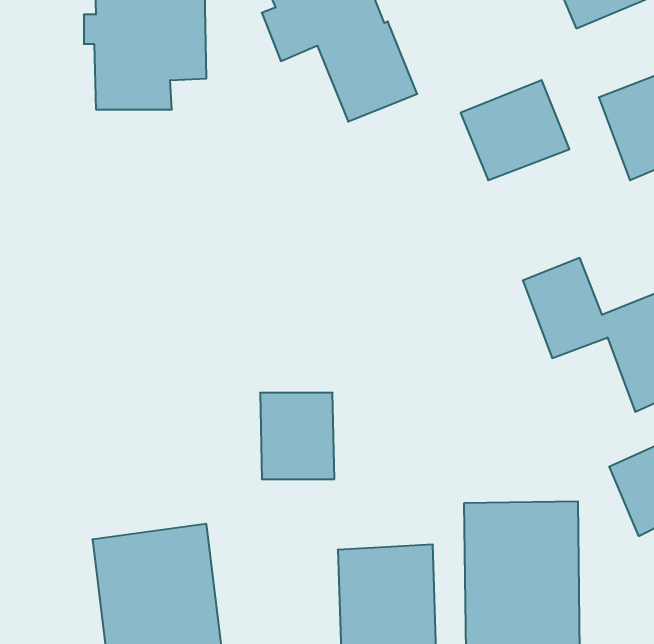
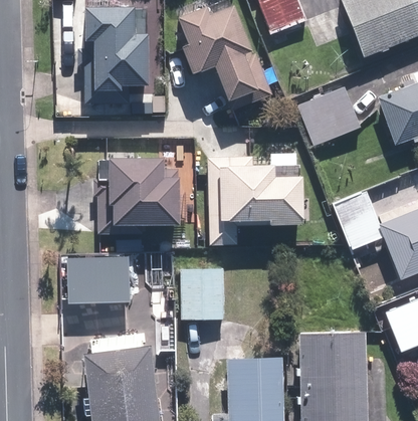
building: none -> [207,157,303,246]
building: none -> [97,159,178,234]
building: none -> [66,256,130,303]

